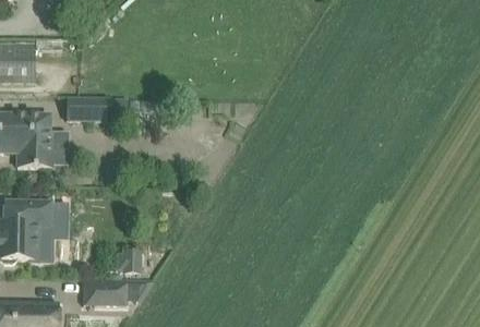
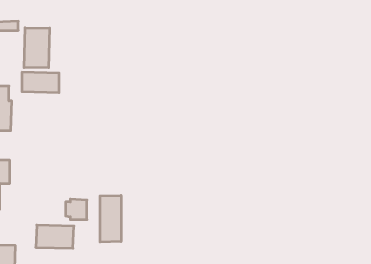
building: none -> [24,28,50,68]
building: none -> [100,195,121,242]

